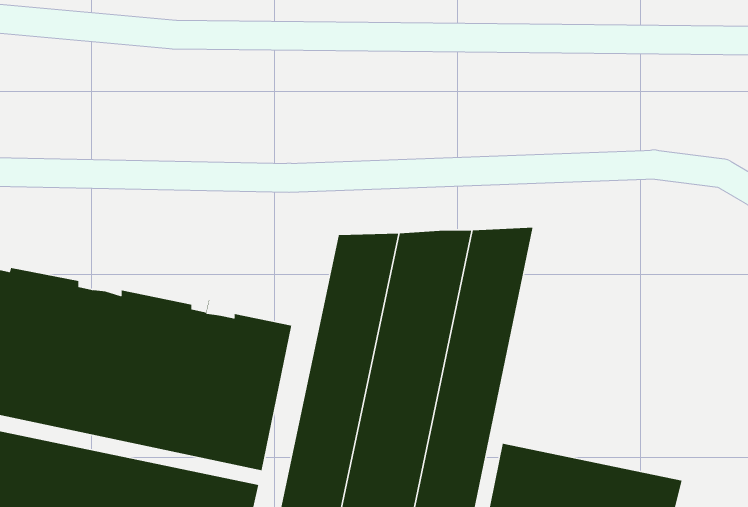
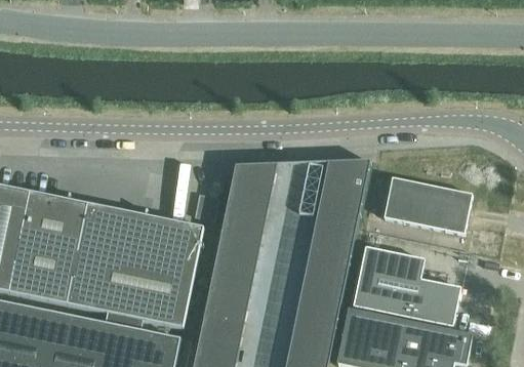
building: none -> [384,176,472,234]
building: none -> [353,247,461,327]

